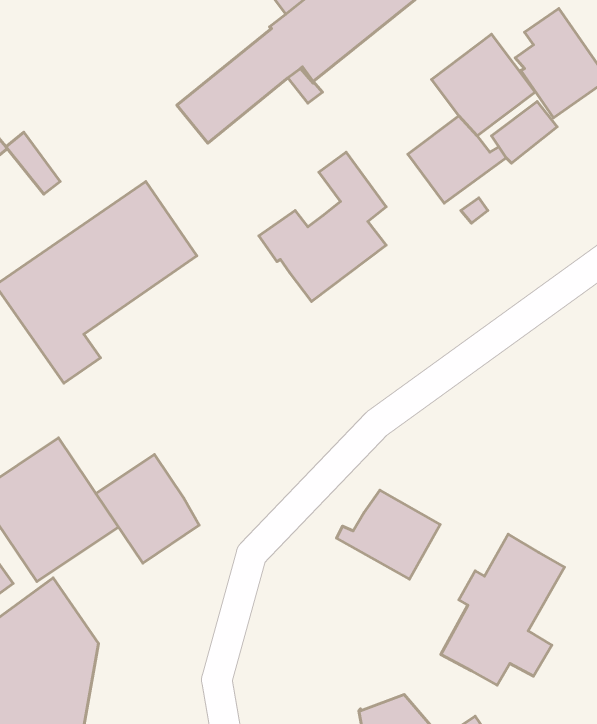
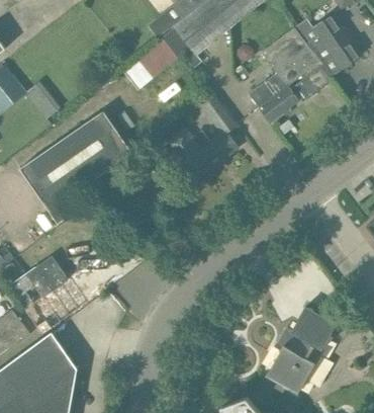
building: [96,455,199,563] -> none
building: [337,490,440,579] -> none

